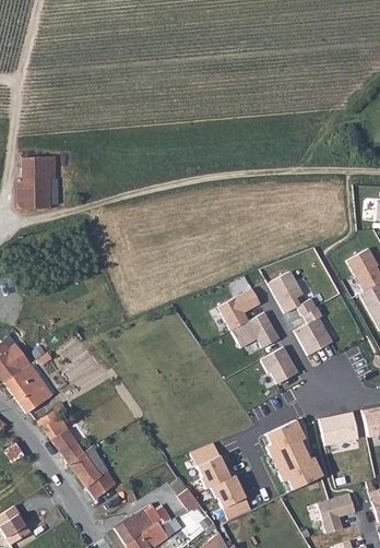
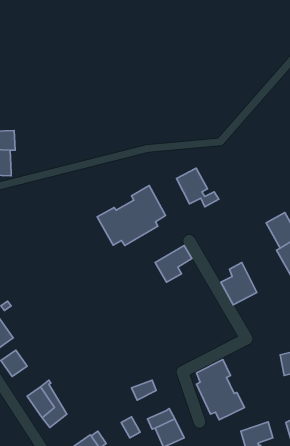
building: none -> [97,186,165,245]
building: [269,271,318,315] -> [176,168,219,207]
building: [230,310,280,348] -> none
building: [260,345,298,384] -> none
building: [320,413,359,448] -> none
building: [51,427,84,462] -> none
building: [197,455,230,490] -> none

